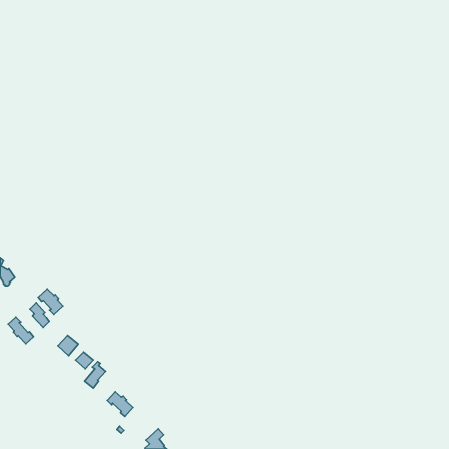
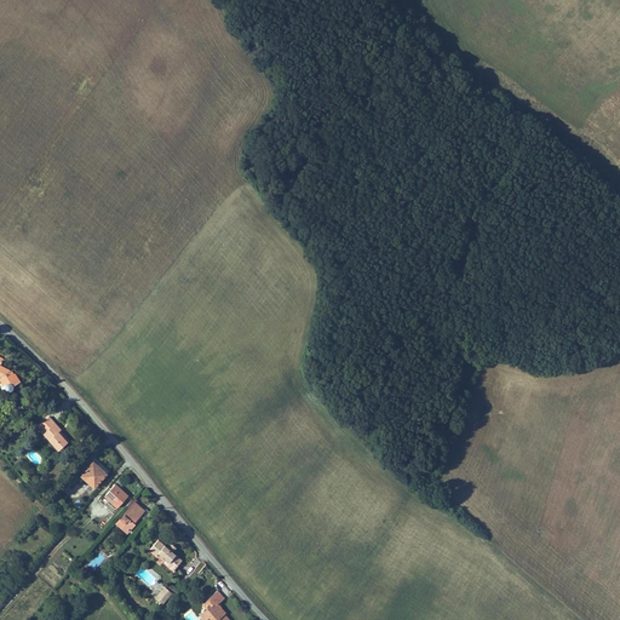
building: [38,289,63,314] -> none
building: [8,317,34,344] -> none

